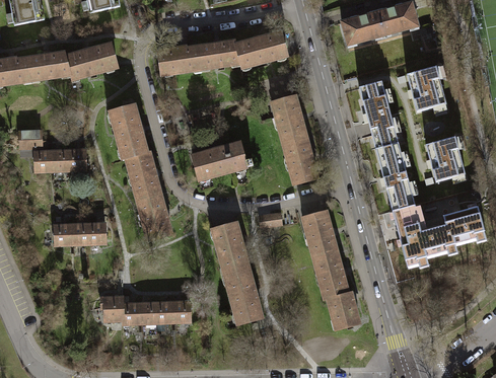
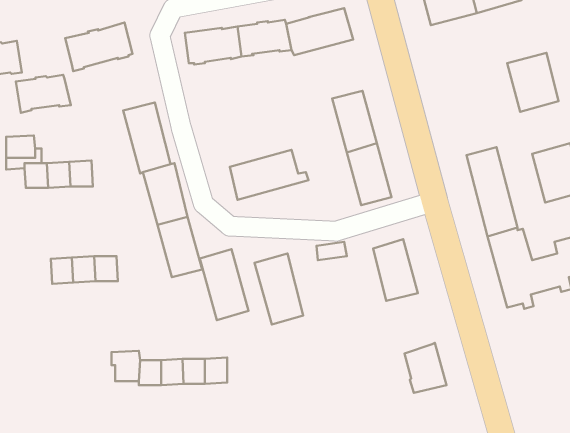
building: [27,52,70,81] -> [16,75,71,113]
building: [357,77,398,145] -> none
building: [312,251,348,299] -> none
building: [224,269,262,323] -> [200,249,249,320]

